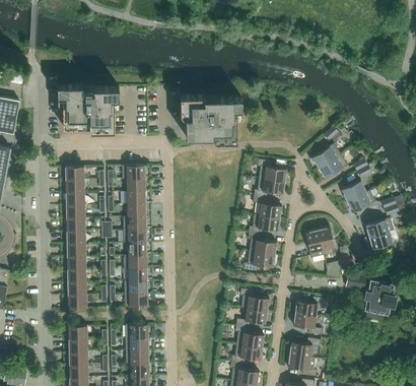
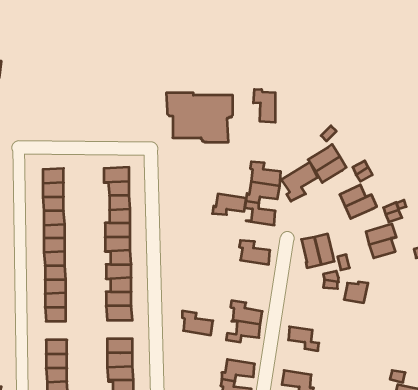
building: [57,86,119,132] -> none
building: none -> [253,89,275,122]
building: none -> [282,162,318,201]
building: [249,215,280,235] -> [212,194,246,215]
building: [244,252,275,272] -> none
building: [363,281,395,326] -> none
building: [294,298,326,317] -> none
building: [235,326,264,348] -> [182,311,213,335]
building: [289,338,321,359] -> none

